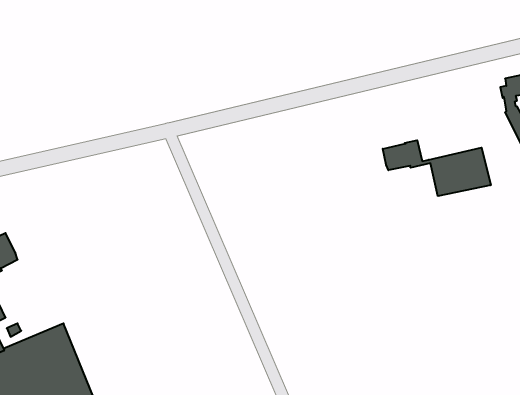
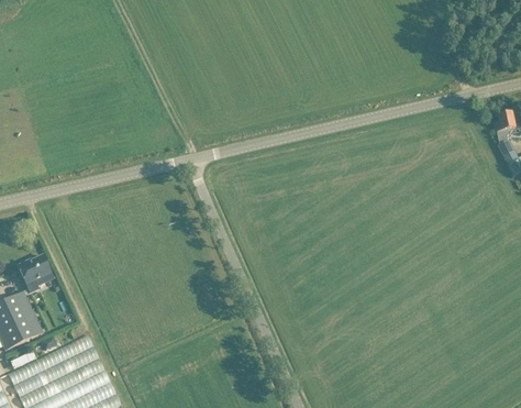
building: [383,140,491,196] -> none

